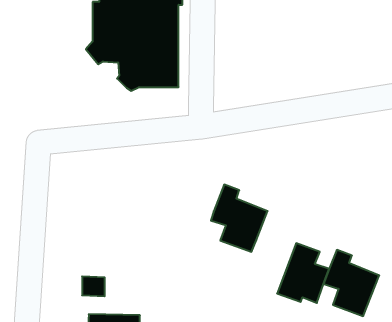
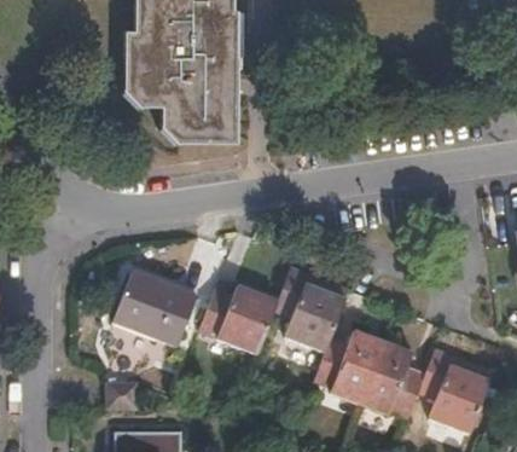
building: none -> [116,271,201,346]
building: none -> [203,285,280,353]
building: none -> [318,330,385,405]

